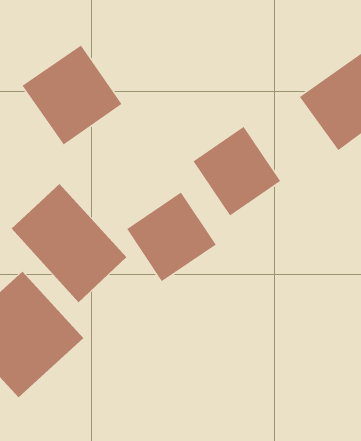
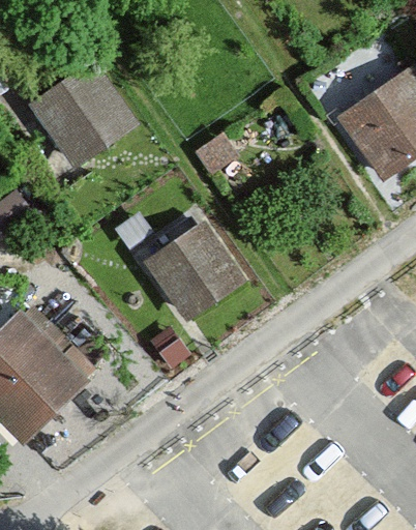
building: [193,126,281,217] -> none
building: [11,183,127,303] -> none

